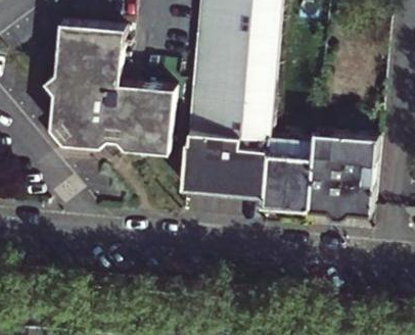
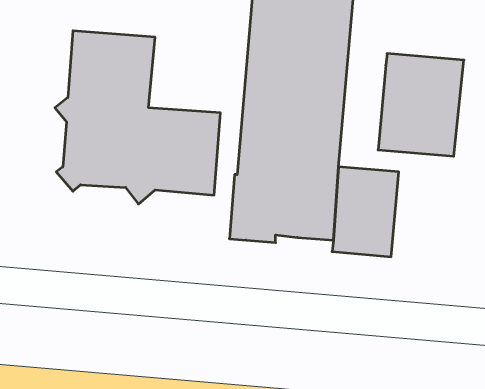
building: [312,131,380,212] -> [378,54,464,156]

